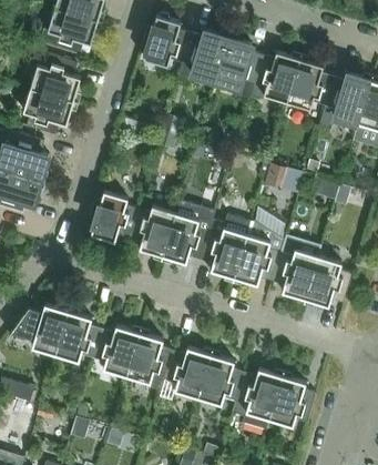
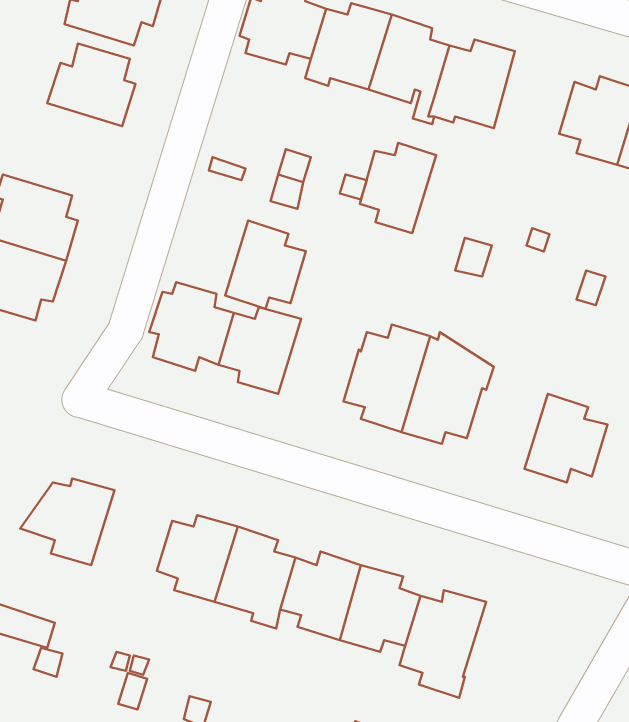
building: [287,59,334,110] -> none
building: [23,89,73,135] -> none
building: none -> [360,143,436,233]
building: [163,213,210,264] -> [225,220,306,309]
building: [272,250,318,300] -> none
building: [55,312,102,362] -> none
building: [269,376,316,426] -> none

